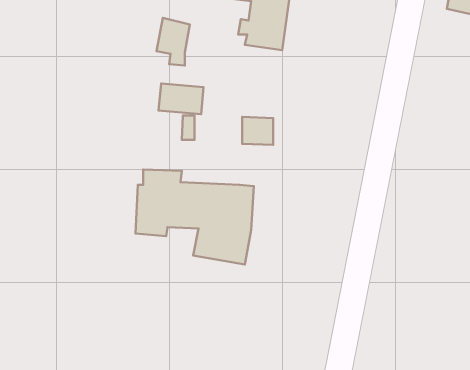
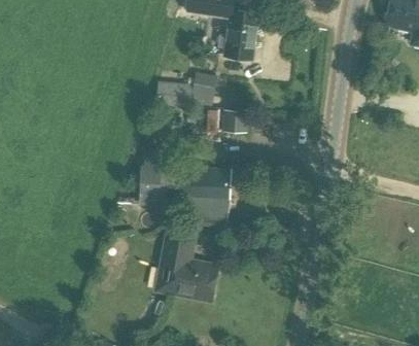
building: [156,18,190,65] -> [190,69,217,107]
building: none -> [156,223,217,300]

